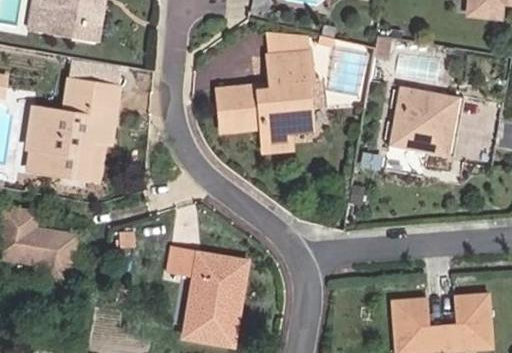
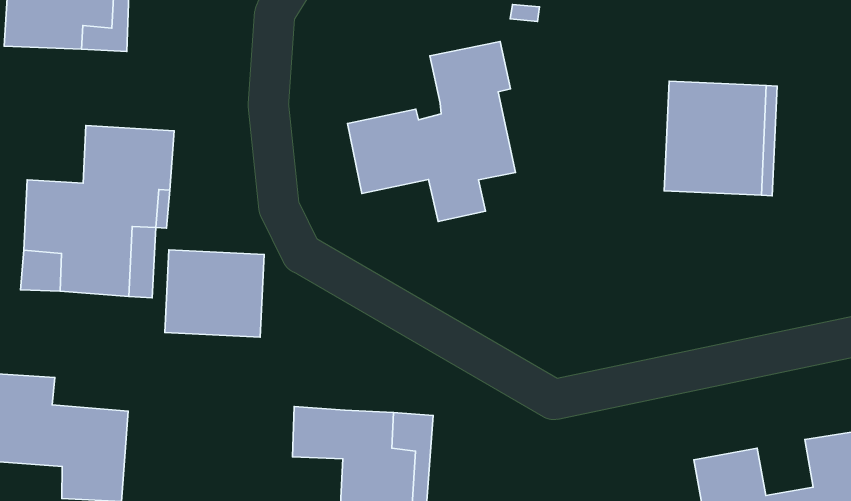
building: [264,34,307,59] -> none
building: none -> [165,250,264,337]

